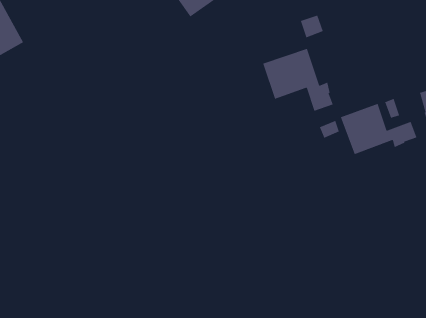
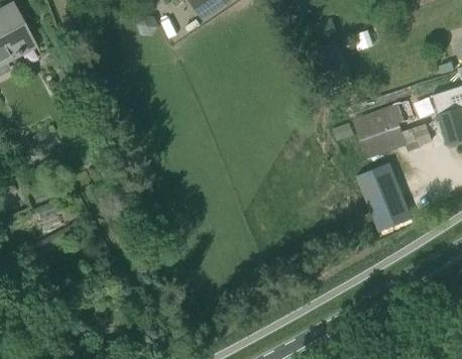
building: [262,48,334,112] -> none
building: none -> [355,161,410,229]

